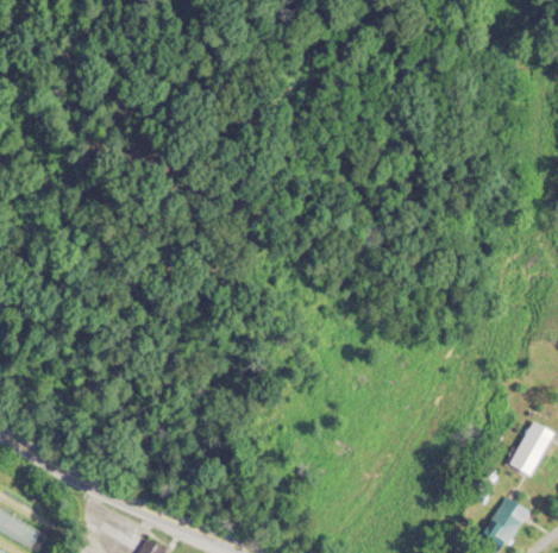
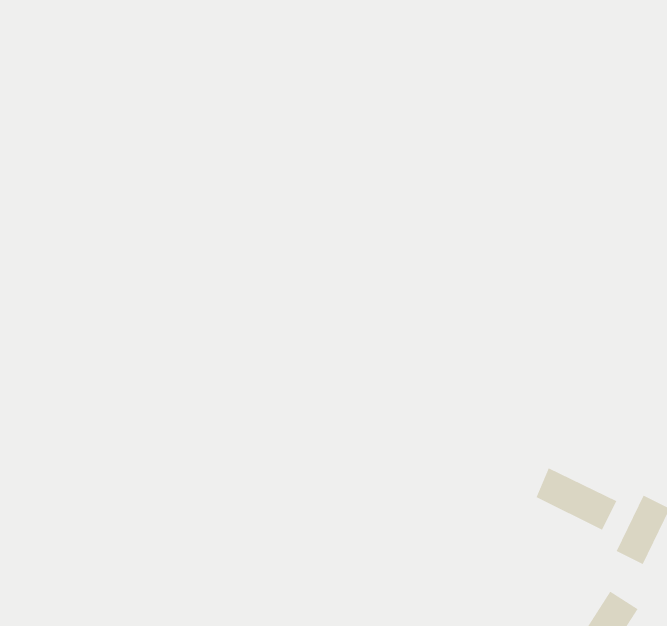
building: none -> [536,468,617,530]

